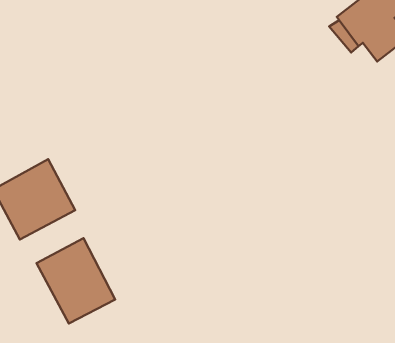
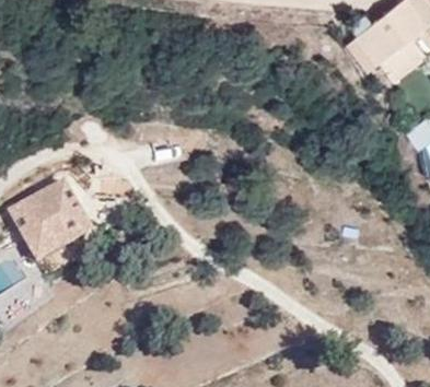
building: [37,238,115,324] -> none

